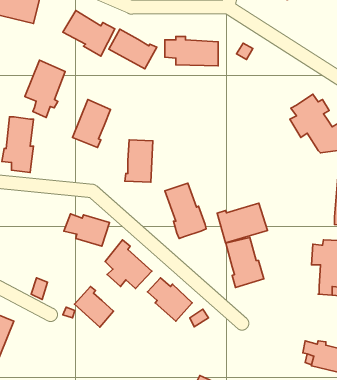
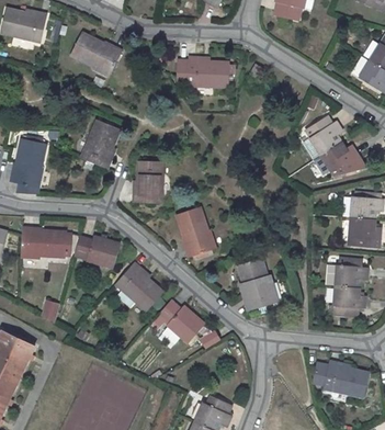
building: [109,29,157,69] -> none
building: [25,60,65,118] -> none
building: [217,203,267,243] -> none
building: none -> [21,225,66,258]
building: [74,286,113,327] -> none

